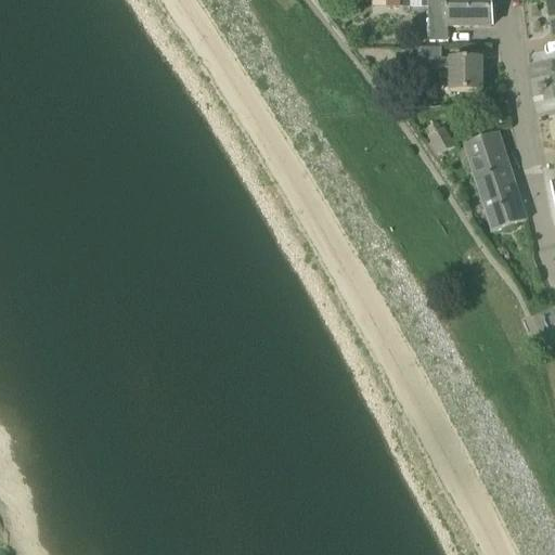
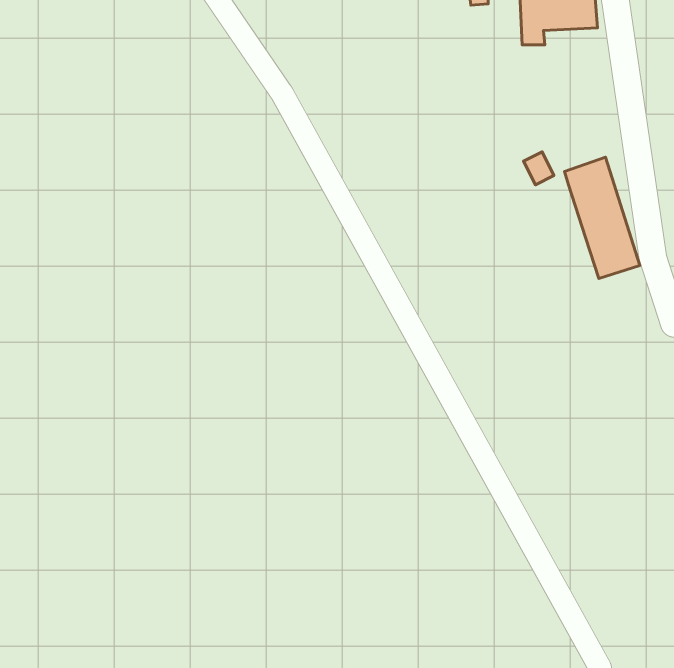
building: [405,44,481,88] -> none

